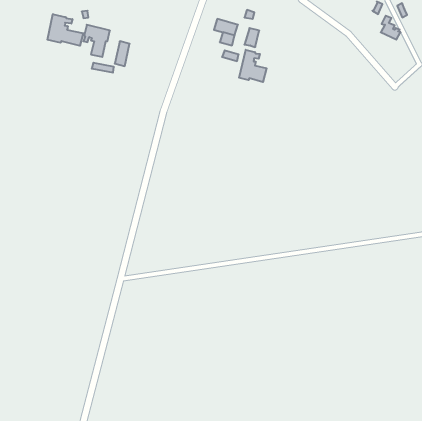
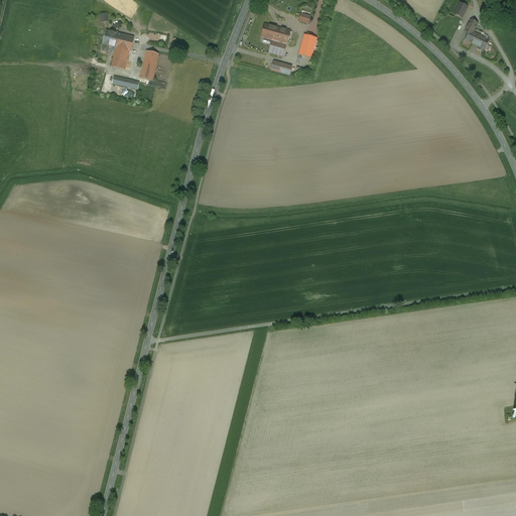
building: [47,14,83,46] -> none
building: [239,50,267,82] -> none

